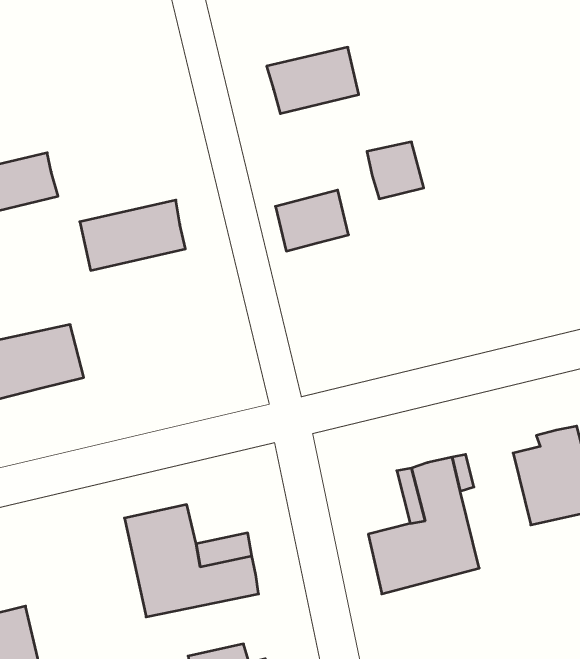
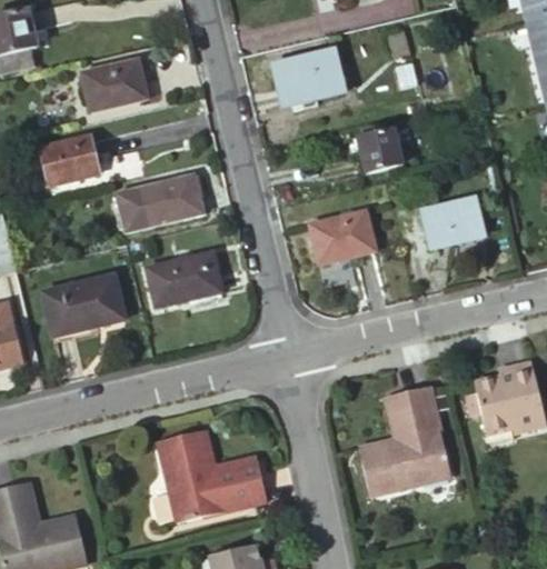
building: none -> [82,60,146,112]
building: [275,190,349,251] -> [314,212,374,262]
building: none -> [422,198,486,247]
building: none -> [146,254,225,308]

